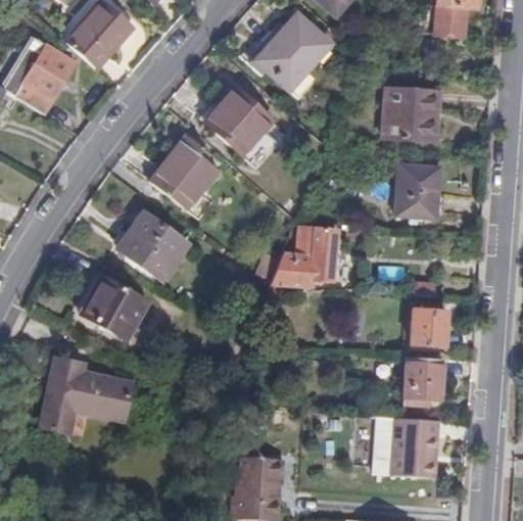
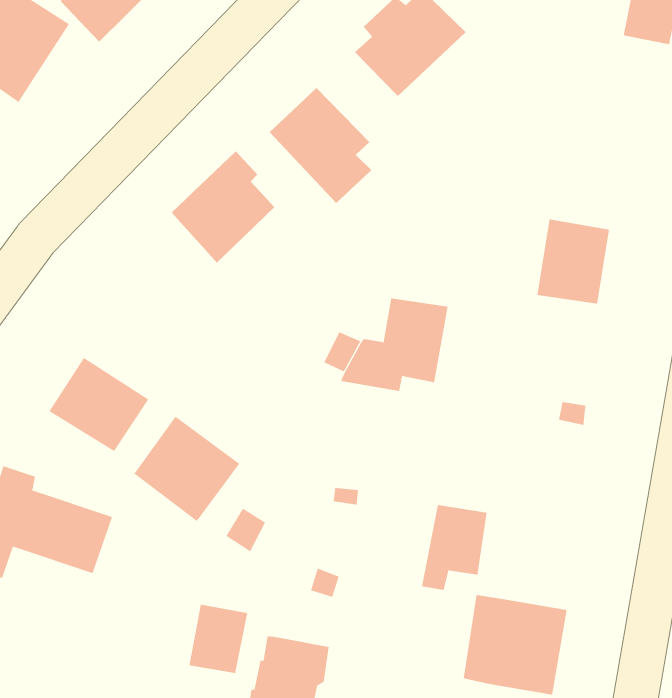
building: [383,84,437,136] -> none
building: [118,216,188,284] -> [134,416,240,522]
building: [409,305,445,342] -> none
building: [402,353,441,410] -> [421,504,488,590]
building: none -> [189,604,248,674]

